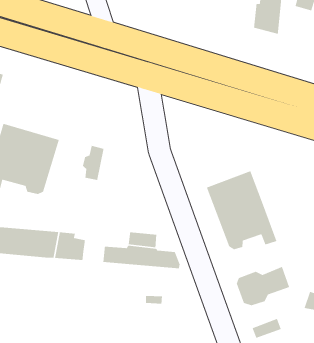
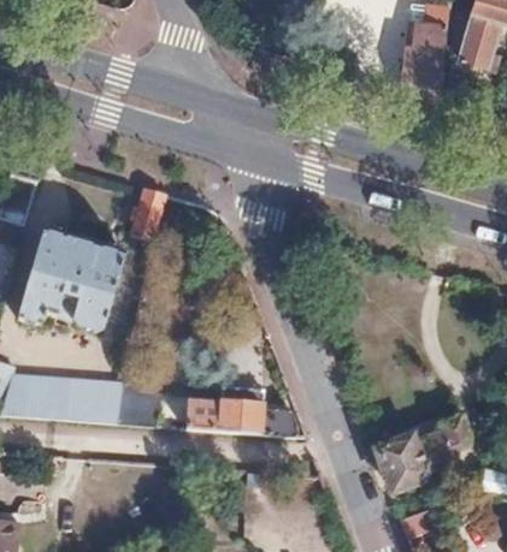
building: [82,145,105,181] -> [129,188,161,239]
building: [206,170,277,250] -> none

